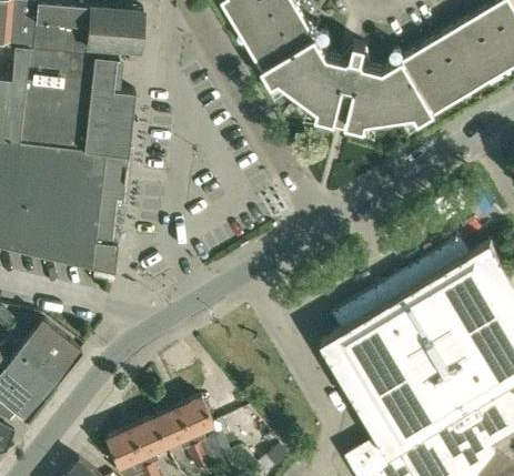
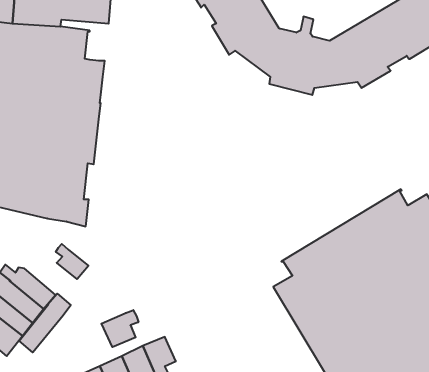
building: none -> [56,244,88,279]
building: none -> [19,294,71,352]
building: none -> [101,310,138,347]

